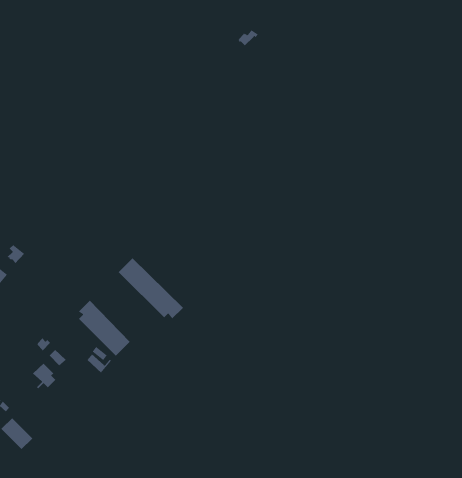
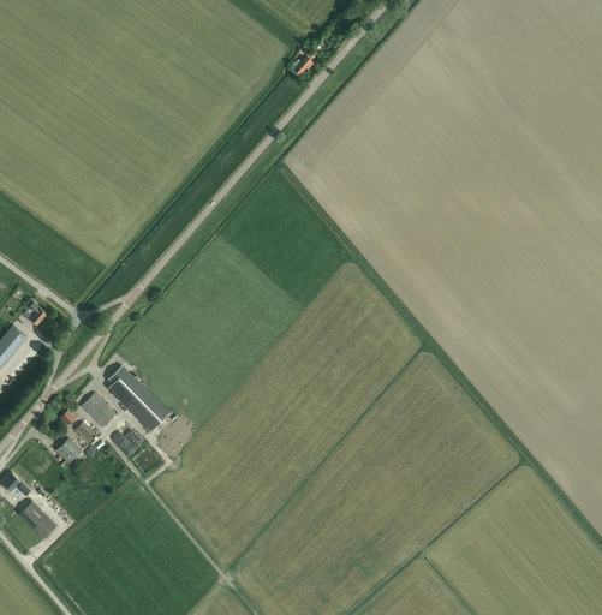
building: [118,258,184,319] -> none
building: none -> [82,393,115,428]

